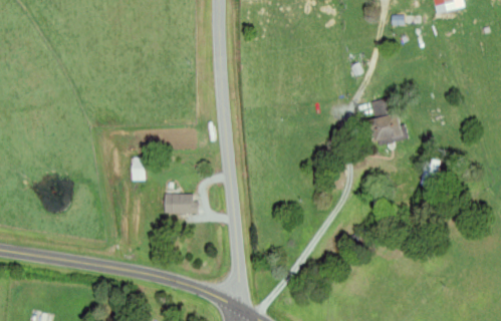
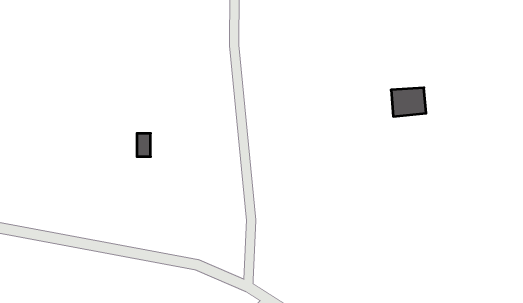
building: [164,196,197,215] -> none

